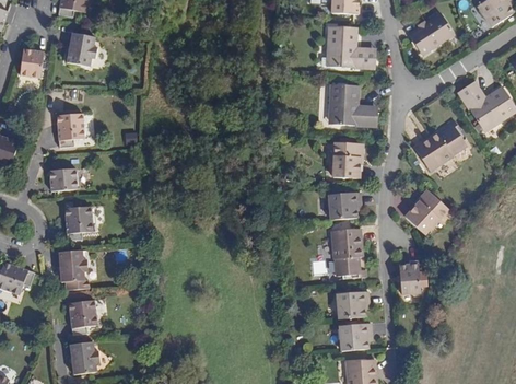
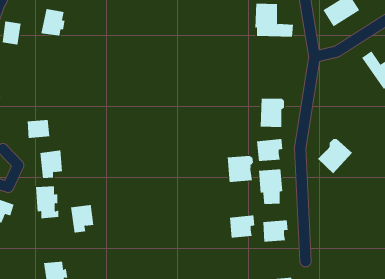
building: [329,84,377,127] -> none
building: [56,105,84,139] -> none
building: [413,126,462,171] -> none
building: none -> [227,155,253,183]
building: [399,259,420,294] -> none
building: [68,299,97,334] -> [70,205,94,233]
building: [339,322,371,350] -> [229,215,255,238]

